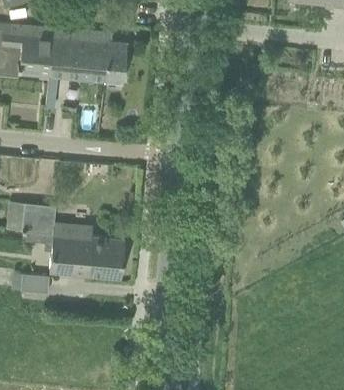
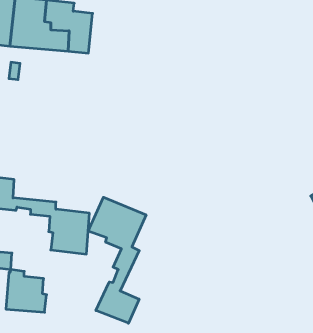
building: none -> [88,197,146,323]
building: [48,232,88,274] -> [6,269,47,312]

